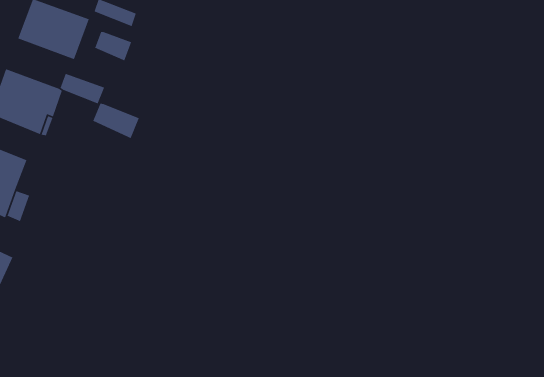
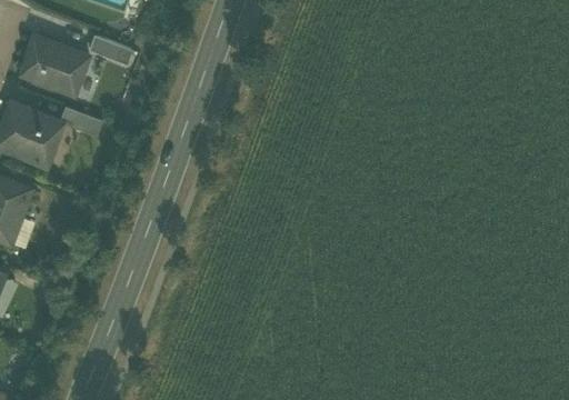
building: [94,31,132,61] -> none
building: [92,103,140,139] -> none

